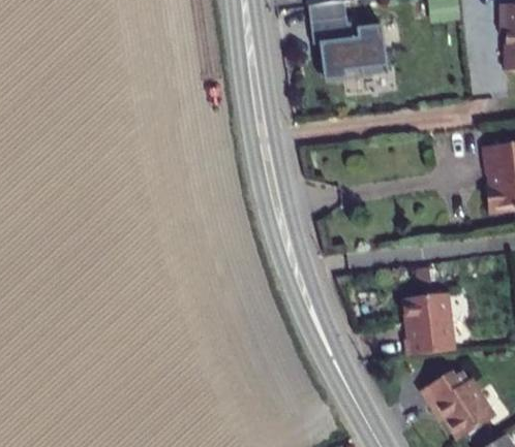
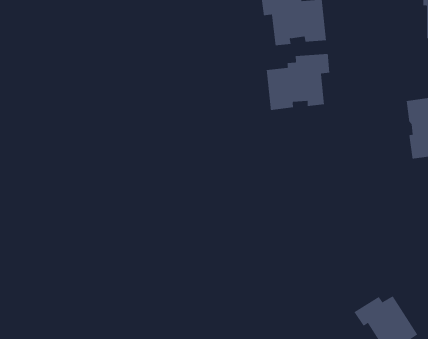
building: none -> [266,53,330,111]
building: [402,293,456,356] -> none

